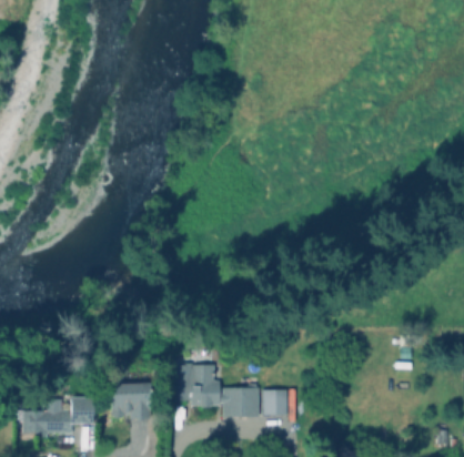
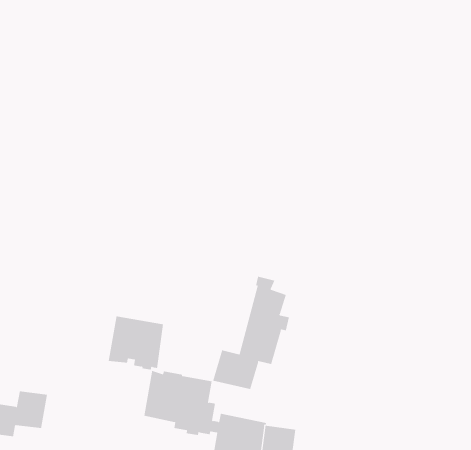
building: none -> [213,276,289,390]
building: [110,383,149,419] -> [108,316,164,370]

